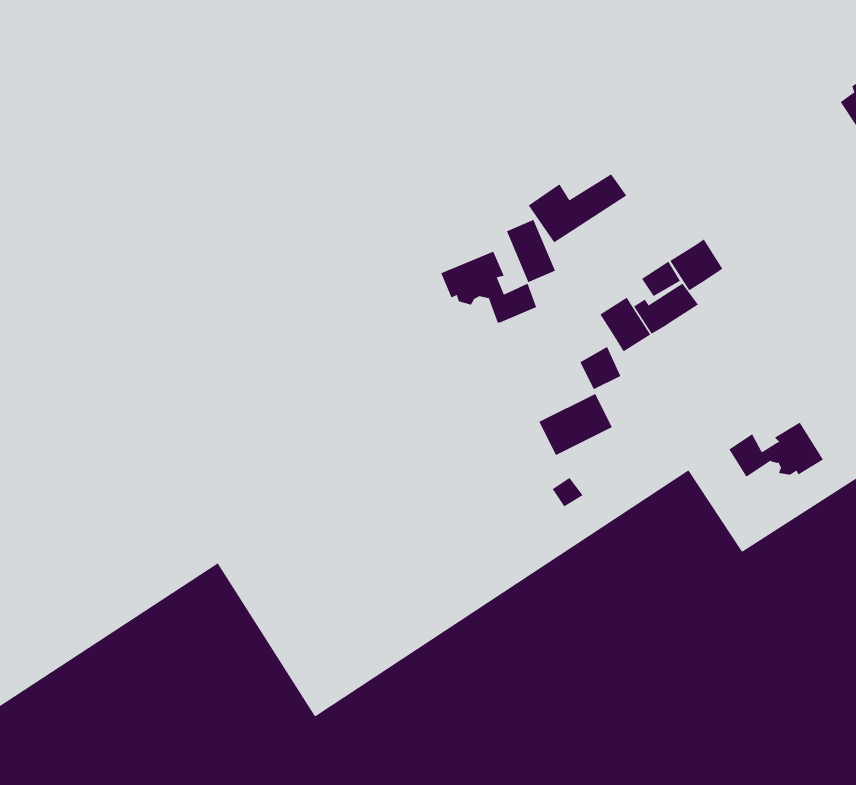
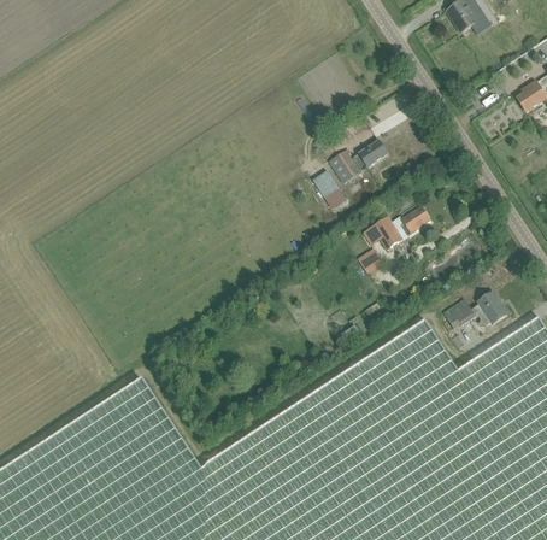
building: [670,239,723,291] -> none
building: [440,251,537,324] -> none
building: [539,393,612,456] -> none

